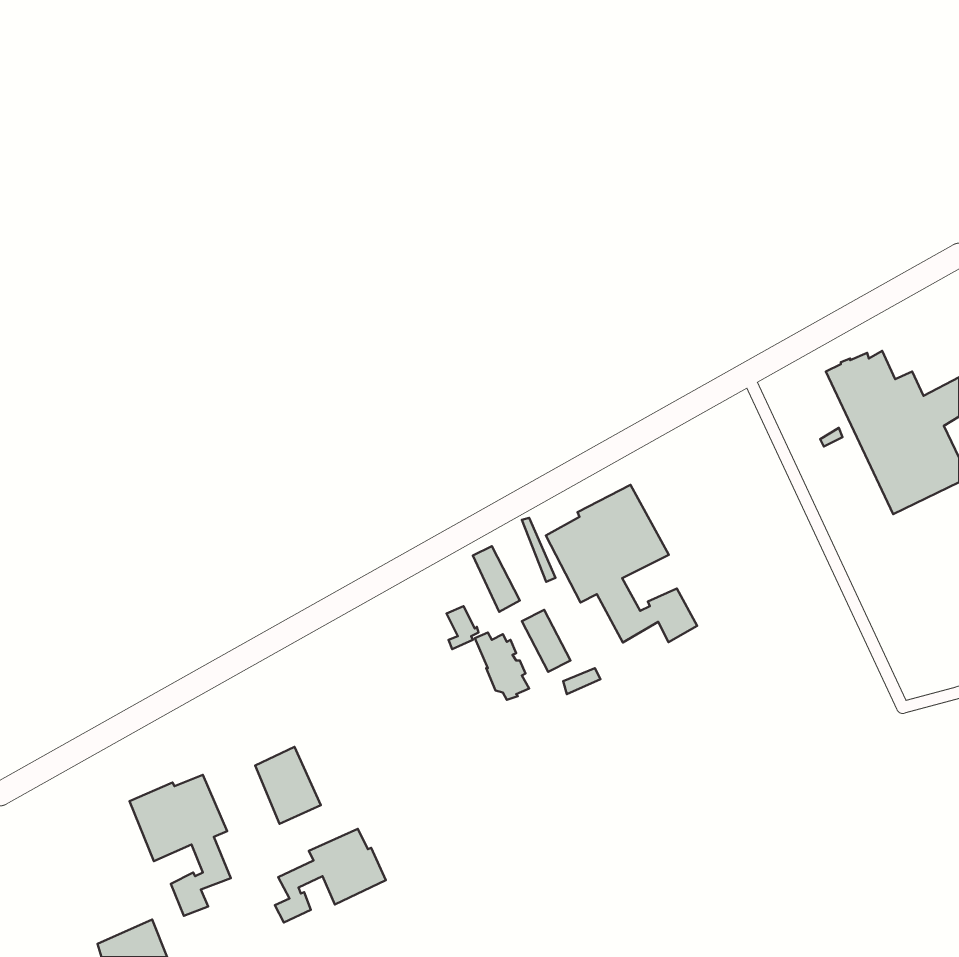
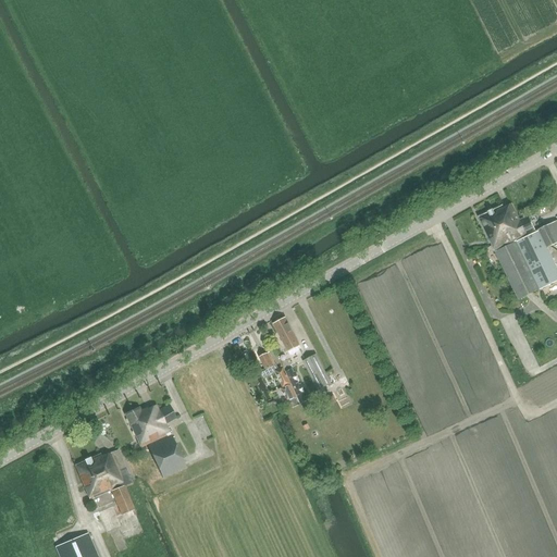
building: [546,485,697,642] -> none
building: none -> [125,404,176,447]
building: [275,829,386,923] -> none

